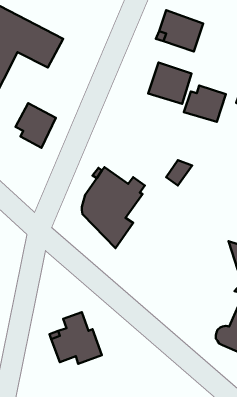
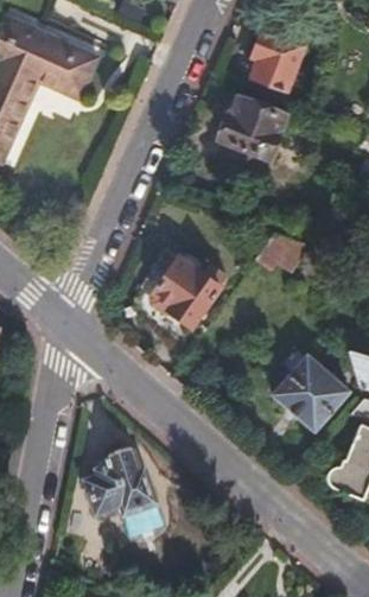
building: [184,86,226,122] -> none
building: [16,103,56,148] -> none
building: none -> [269,363,341,433]

